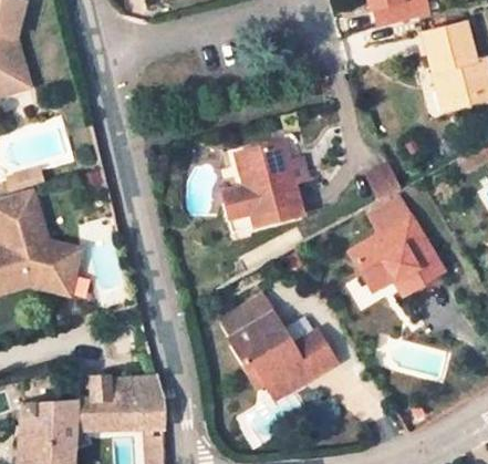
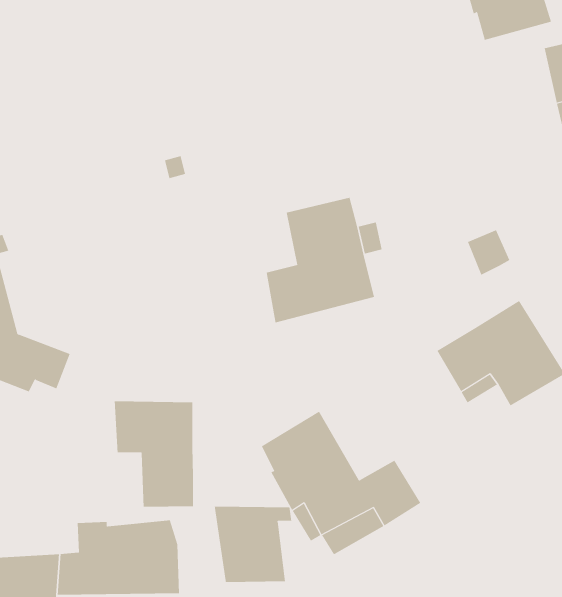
building: [361,193,408,237] -> none
building: none -> [114,401,194,507]
building: none -> [214,506,292,583]

